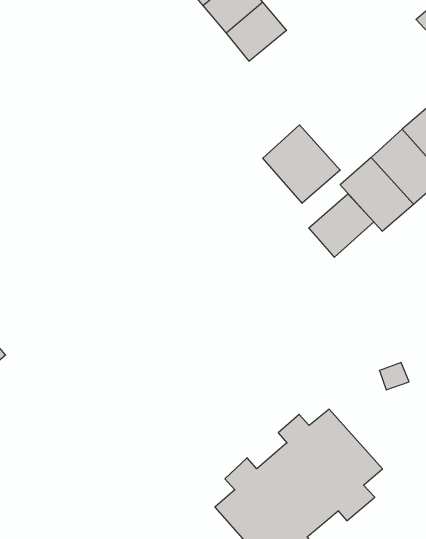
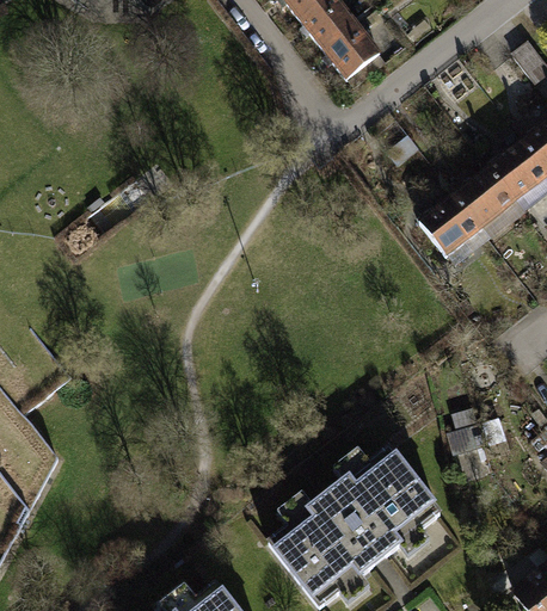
building: [263,125,340,203] -> none
building: [309,194,374,257] -> none

